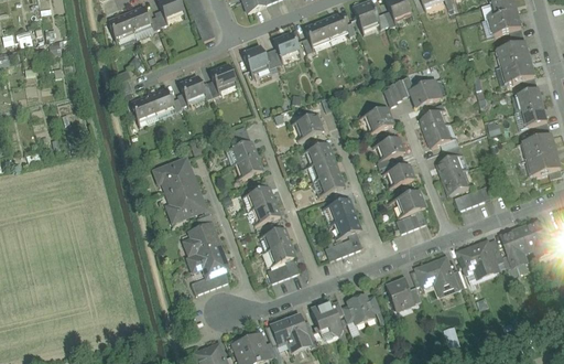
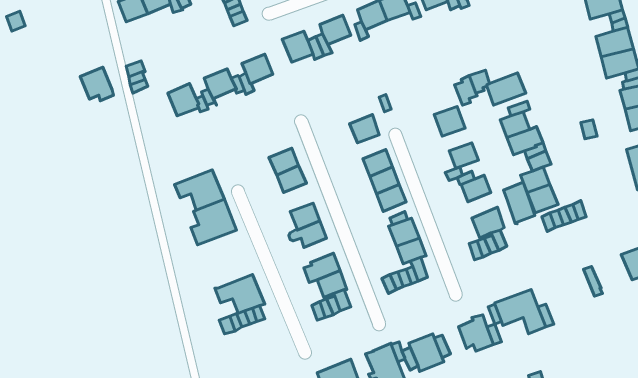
building: [130,96,158,124] -> [80,67,114,101]
building: none -> [504,182,535,224]
building: [185,224,218,256] -> none
building: [502,228,529,267] -> none
building: [459,242,498,280] -> none

